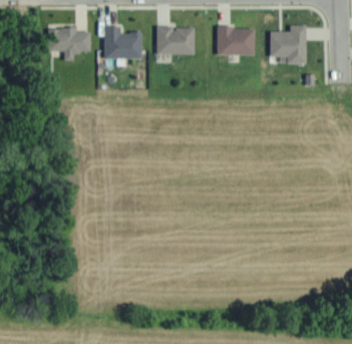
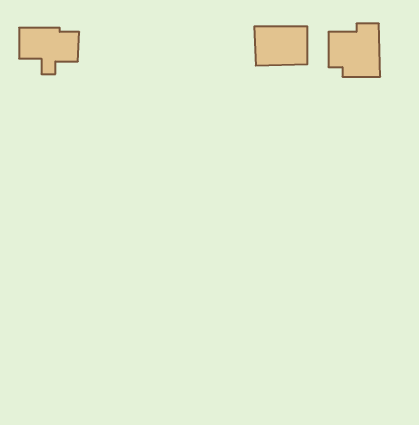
building: [103,26,140,58] -> none
building: [155,26,195,54] -> none

